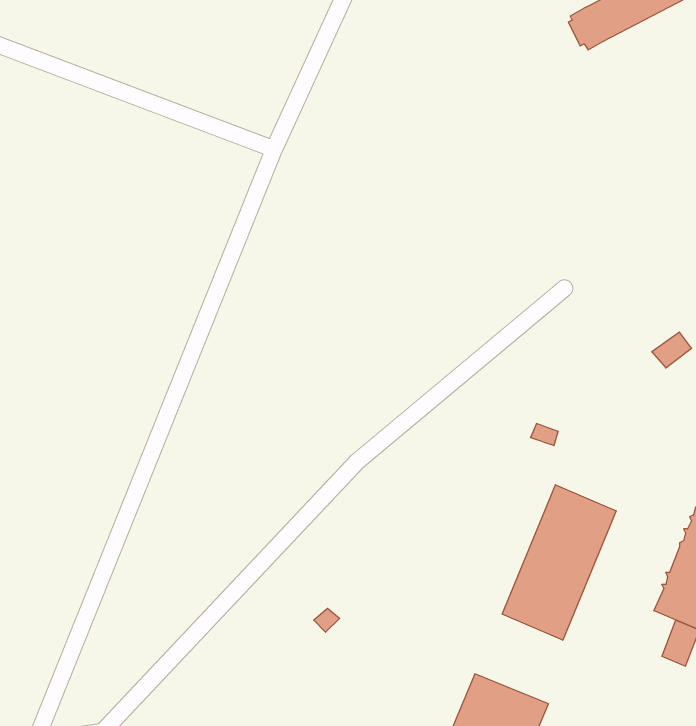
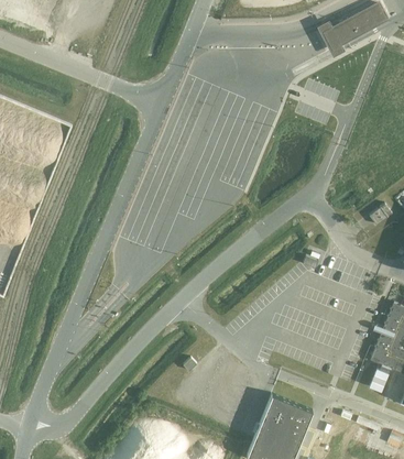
building: [502,485,616,640] -> none

